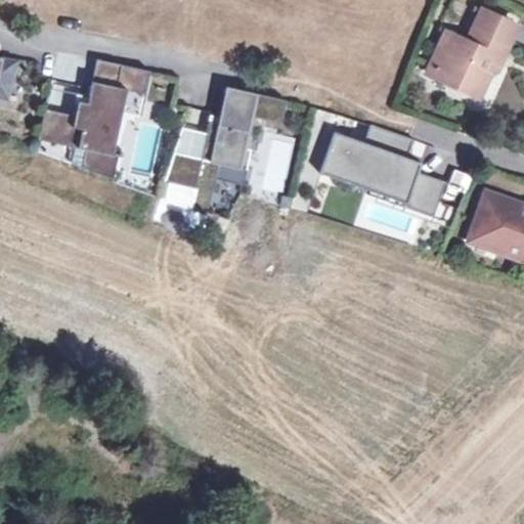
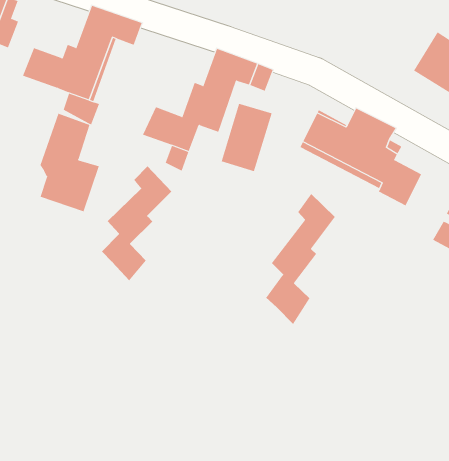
building: none -> [40,113,99,212]
building: none -> [101,165,172,281]
building: none -> [266,193,336,325]

